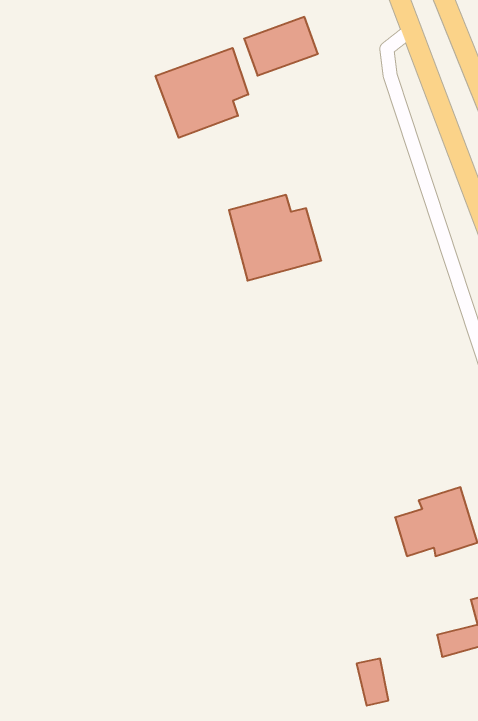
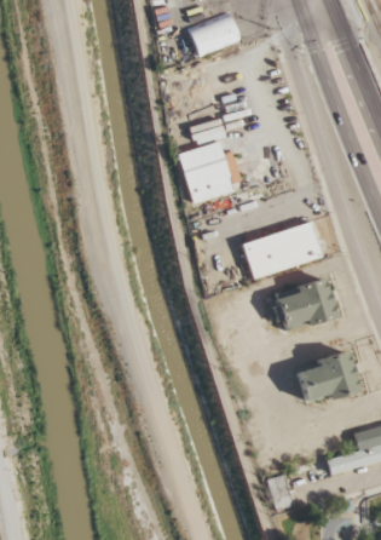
building: [156,48,248,138] -> none
building: none -> [243,222,323,280]
building: none -> [276,276,335,327]

